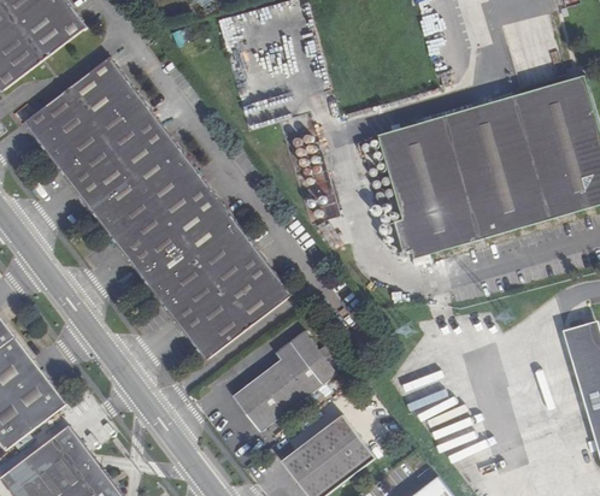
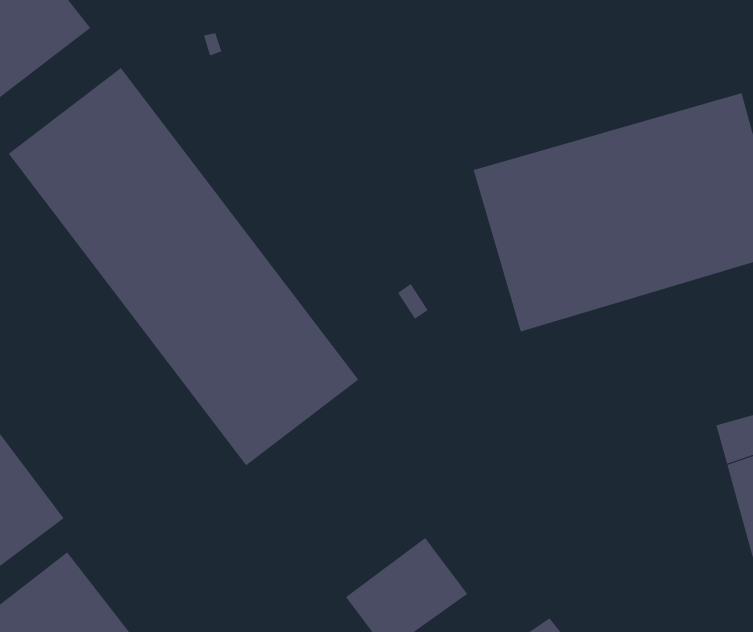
building: [233,331,336,432] -> none

